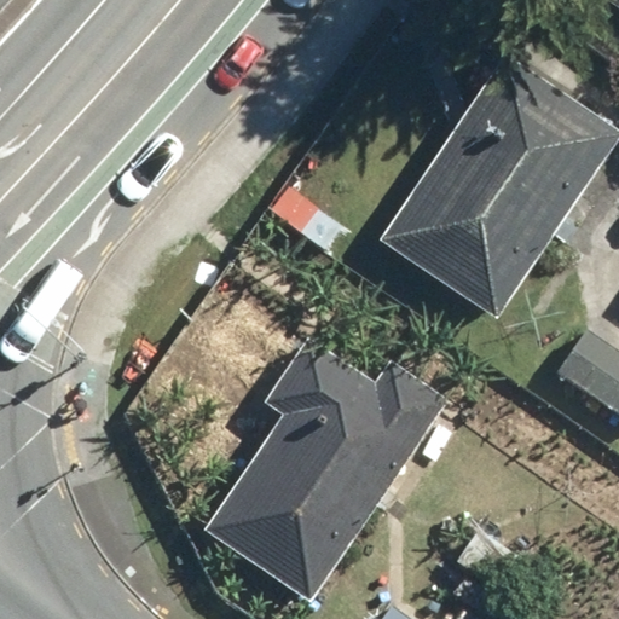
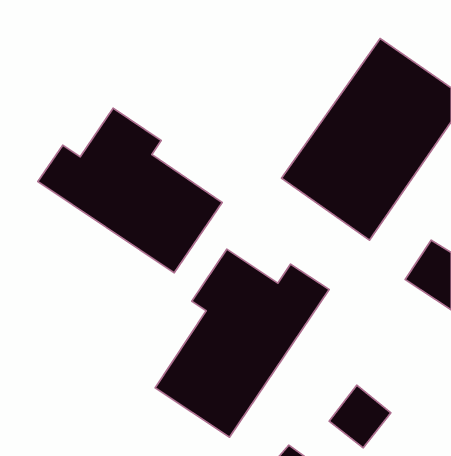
building: none -> [38,108,222,273]

